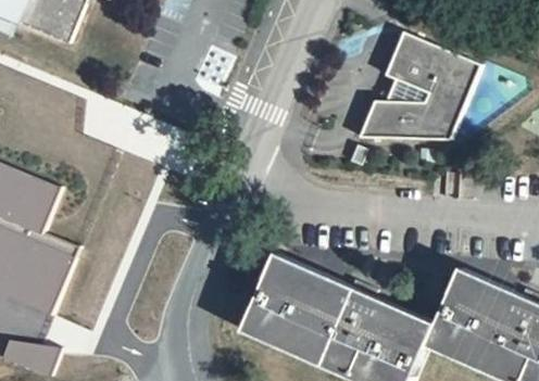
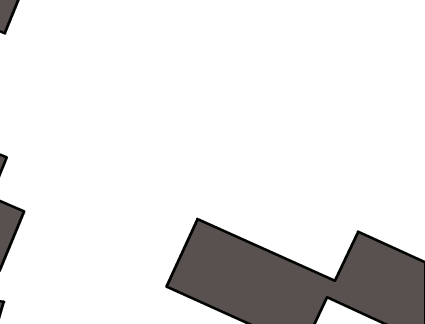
building: [355,31,478,139] -> none

